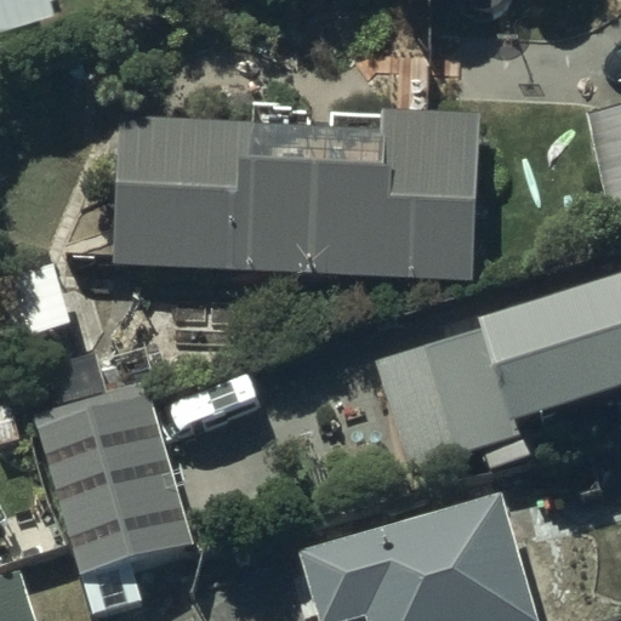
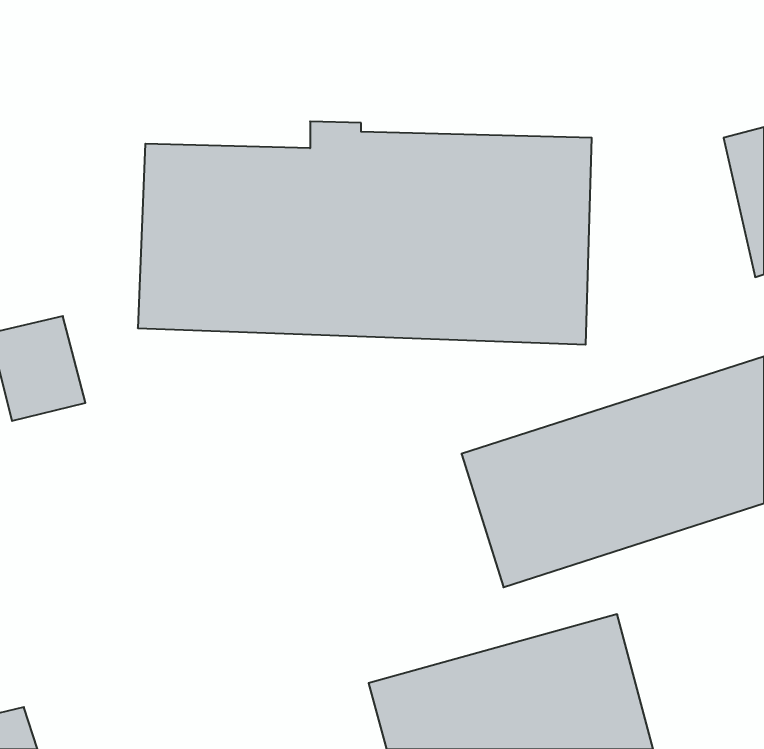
building: [33,380,194,575] -> none

